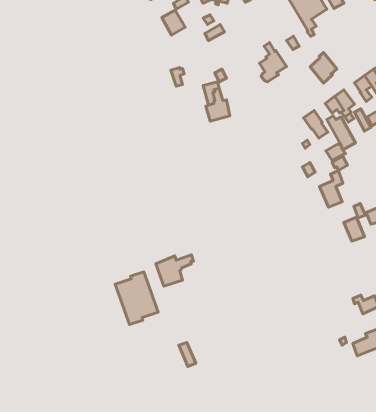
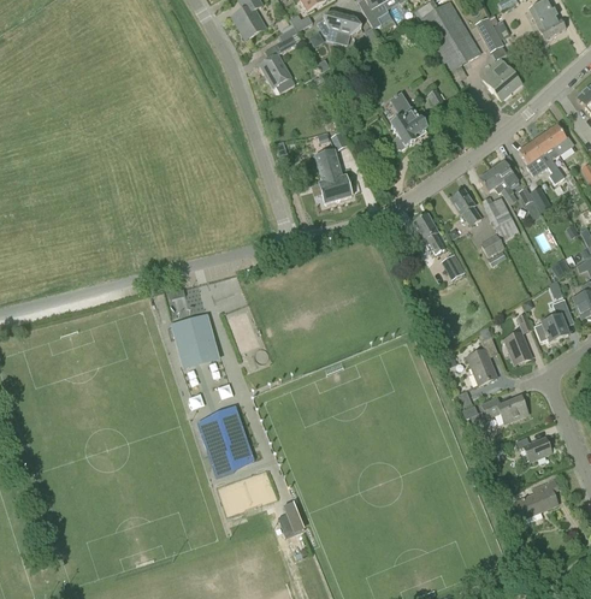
building: [310,53,337,83] -> [483,58,519,99]
building: none -> [412,213,444,253]
building: [320,171,343,207] -> [466,334,497,384]
building: none -> [171,313,223,366]
building: [156,255,193,286] -> none
building: none -> [480,396,527,422]

